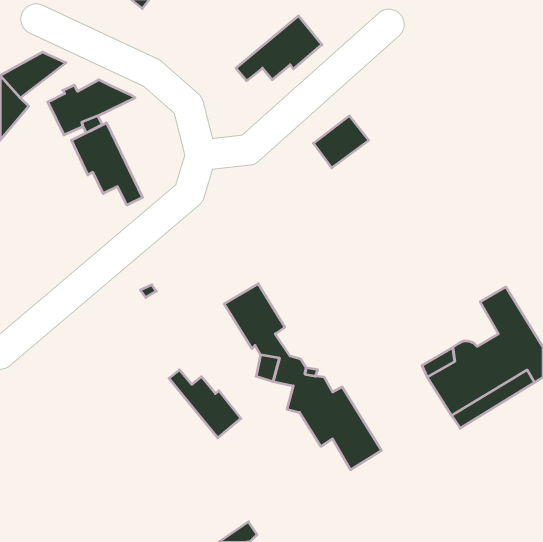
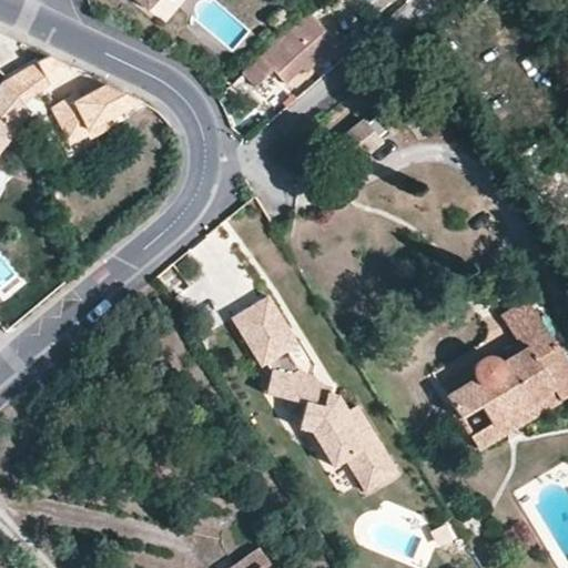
building: [71,123,143,205] -> none
building: [169,370,241,438] -> none

